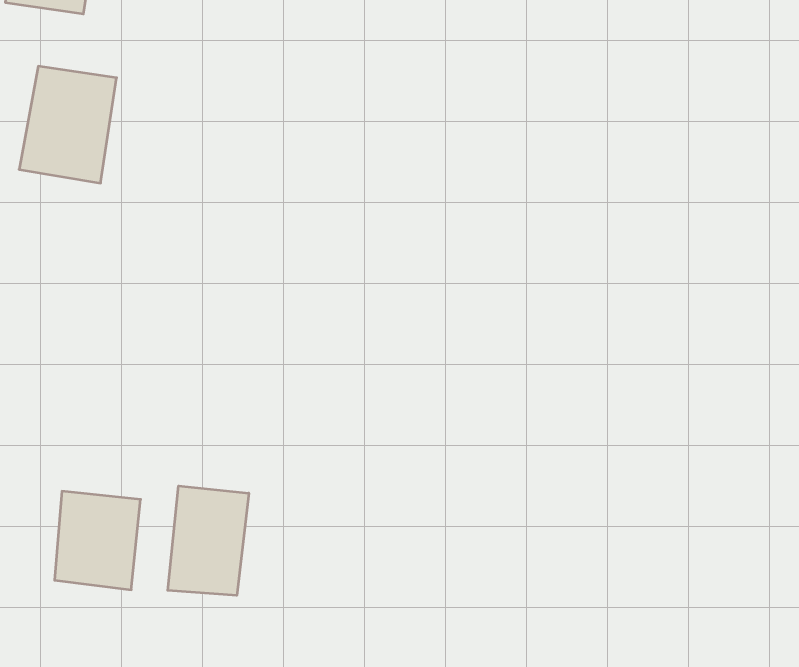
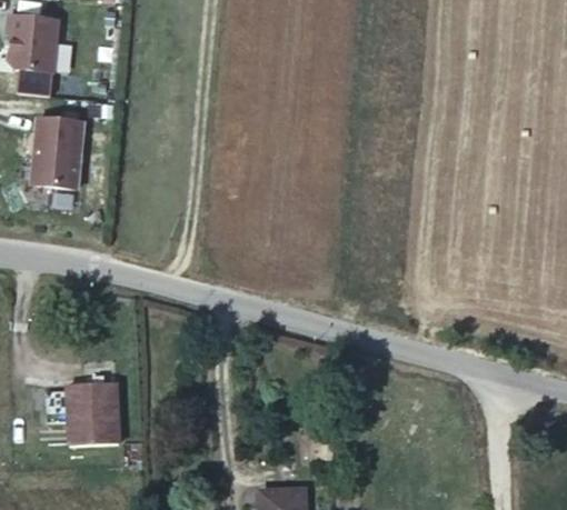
building: [168,486,249,595] -> none

